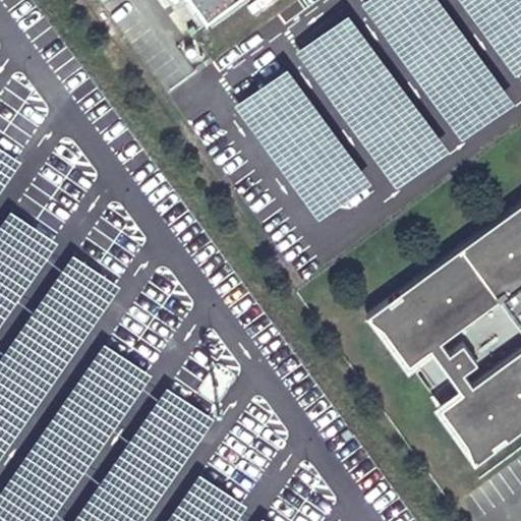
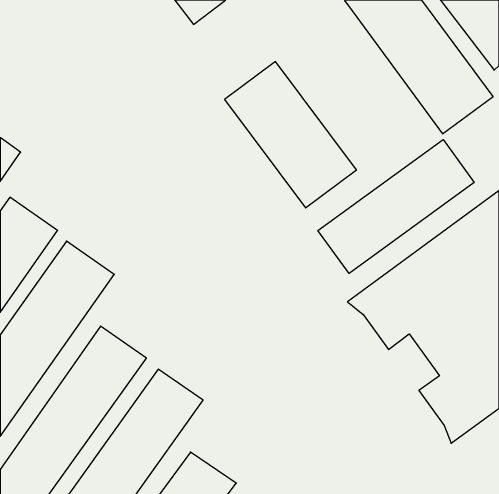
building: [296,14,450,191] -> none
building: none -> [318,140,474,273]

